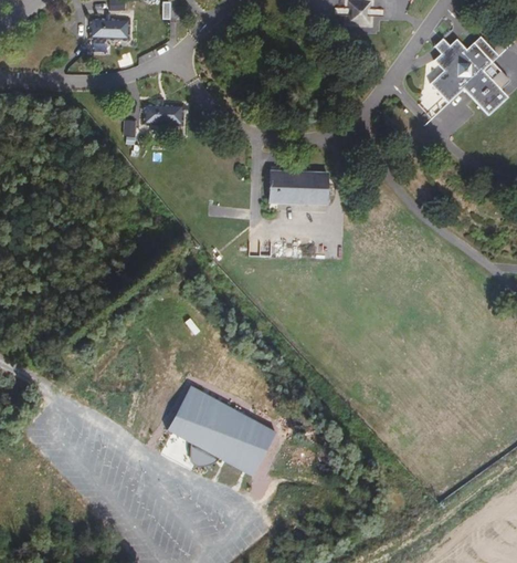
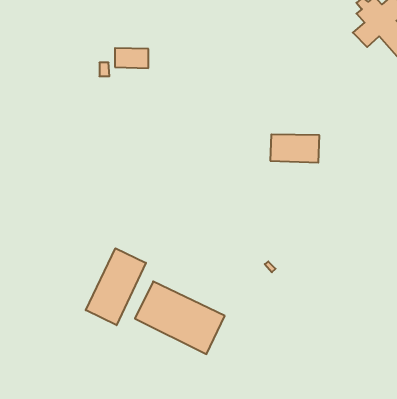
building: [268,170,328,205] -> [270,134,319,163]
building: none -> [86,248,146,325]

